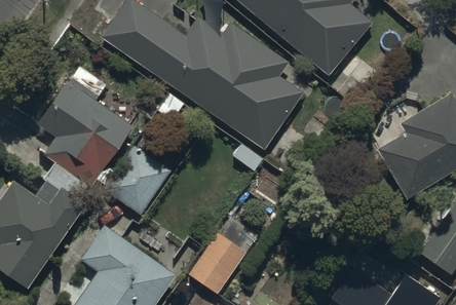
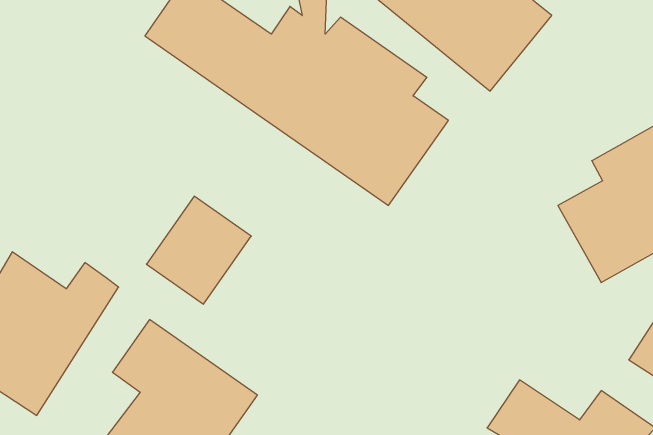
building: [37,66,132,198] -> none
building: [188,233,246,296] -> none

